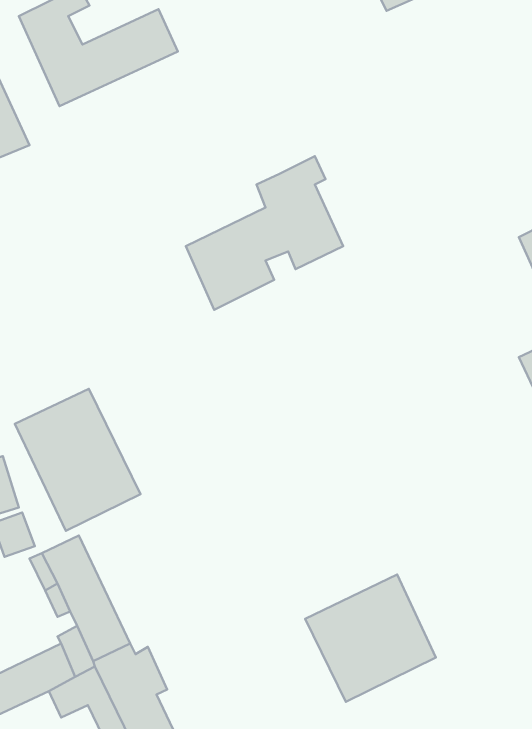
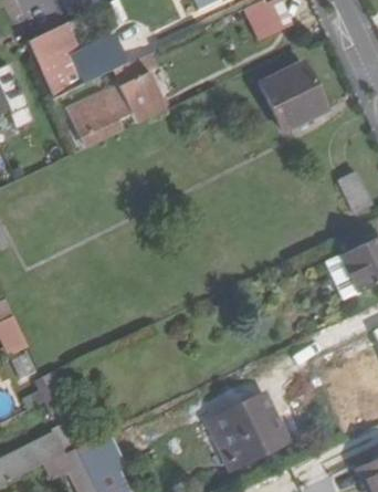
building: none -> [260,62,326,129]
building: [186,156,343,310] -> [67,52,166,148]
building: [15,389,141,531] -> none

